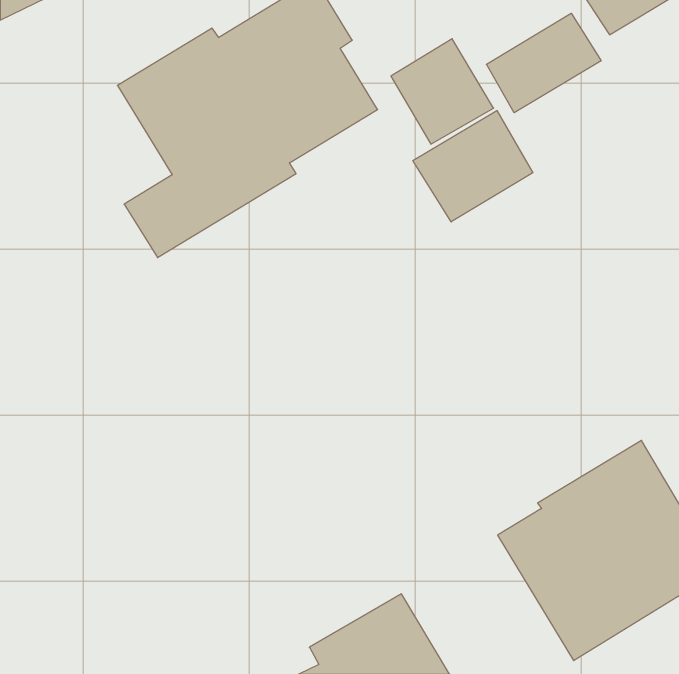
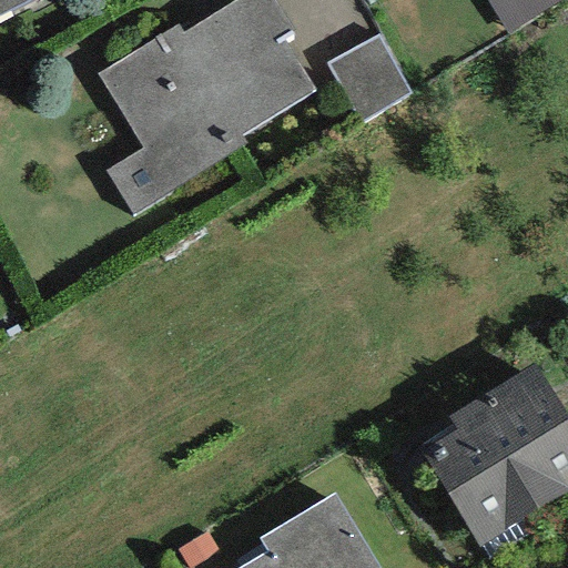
building: [486,13,601,113] -> none
building: [413,111,533,222] -> none

